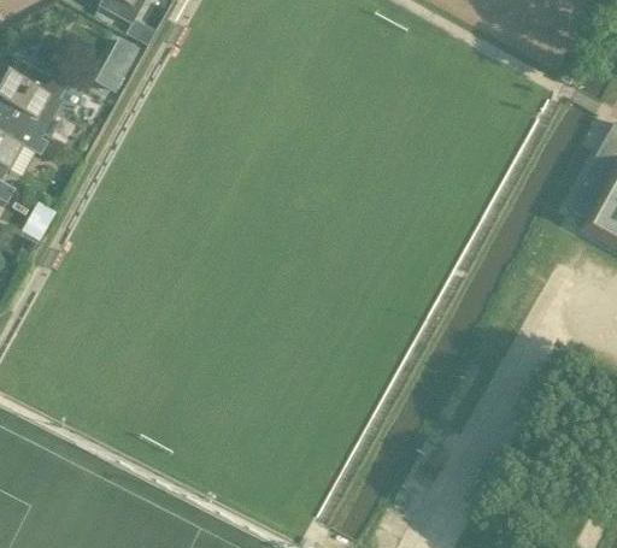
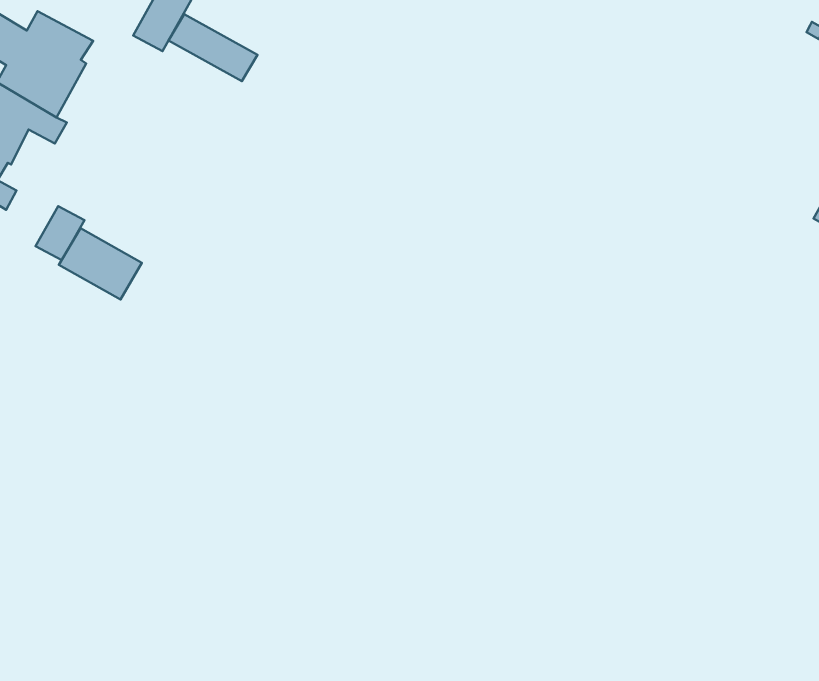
building: none -> [169,14,257,81]
building: none -> [59,228,142,300]

